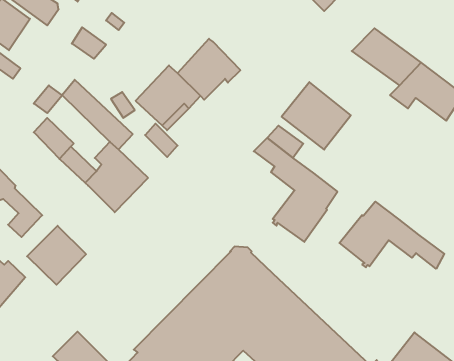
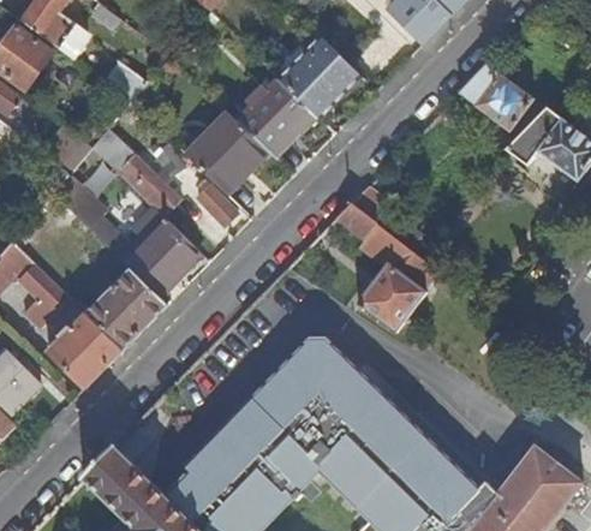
building: none -> [281,38,358,117]
building: [282,82,351,150] -> none
building: none -> [85,262,166,348]
building: [339,202,444,269] -> none

